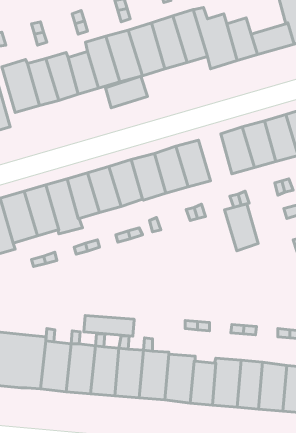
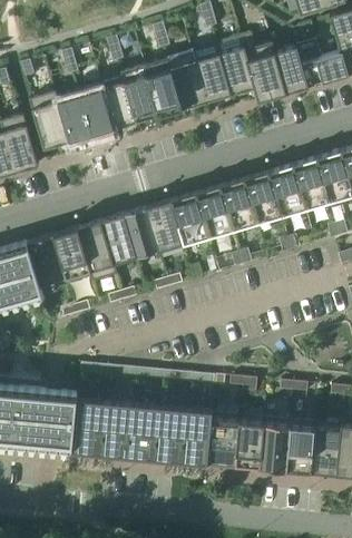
building: [106,76,148,108] -> none
building: [225,204,258,251] -> [244,173,281,224]
building: [84,315,134,336] -> none

